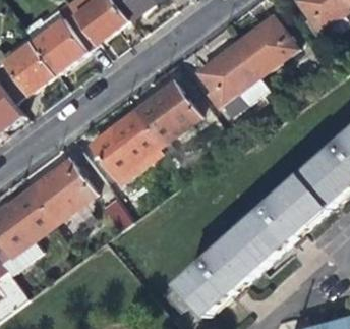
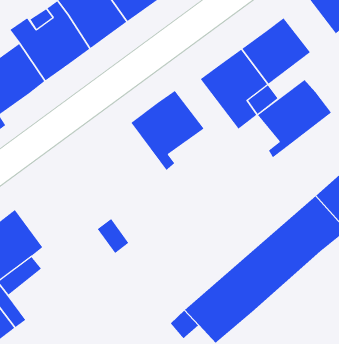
building: none -> [257,79,332,158]
building: [80,112,159,186] -> none
building: [27,160,95,225] -> none

